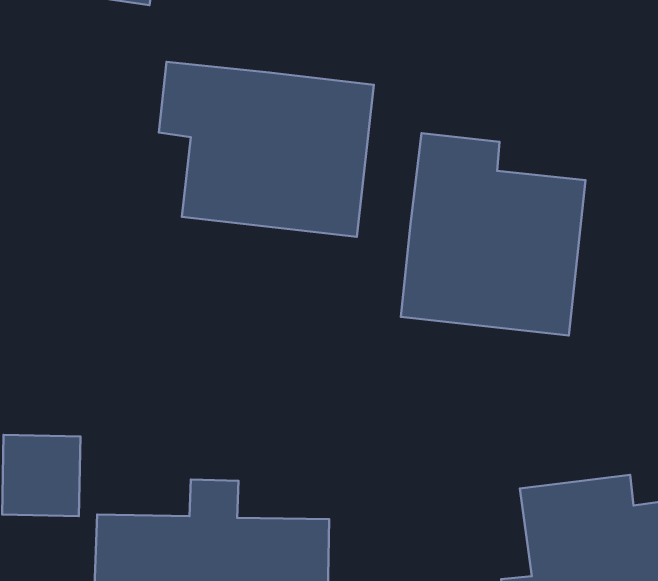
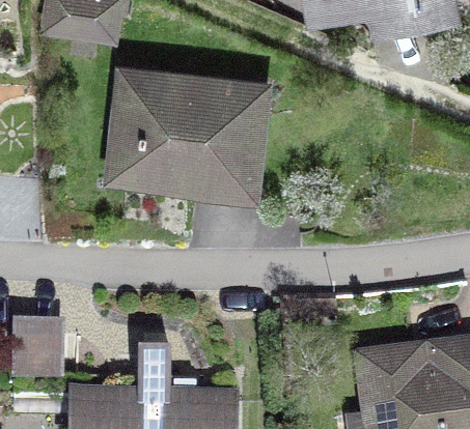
building: [401,133,586,335] -> none

